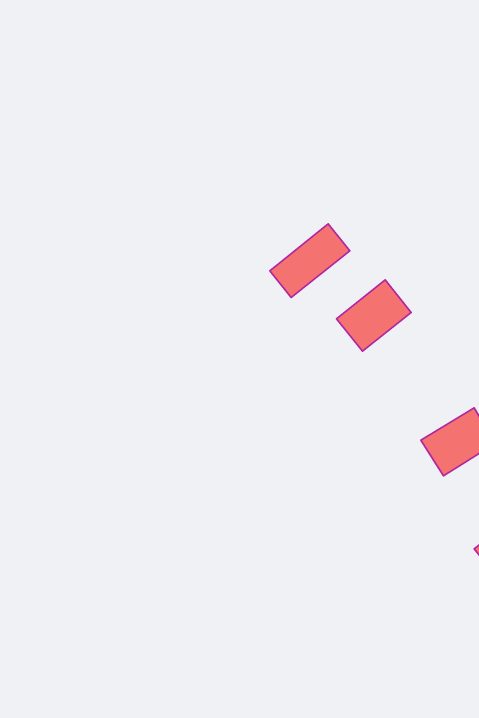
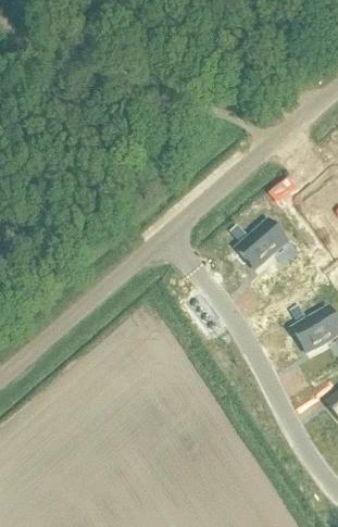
building: [270,224,350,298] -> none

